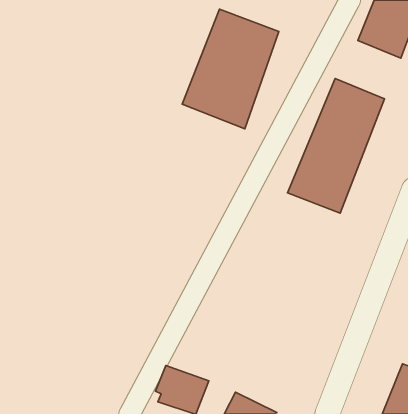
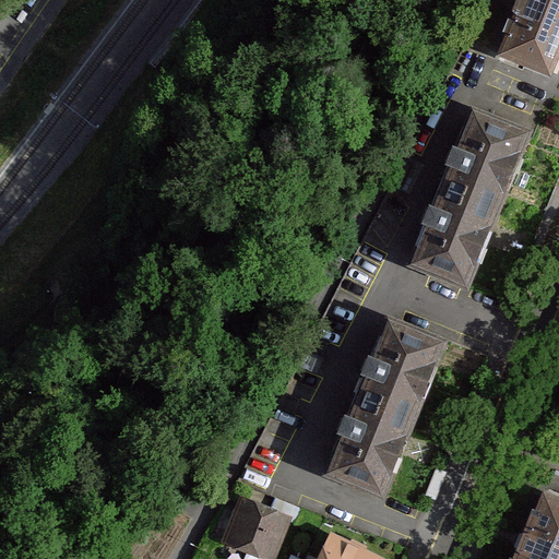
building: [182,9,279,129] -> none
building: none -> [325,318,457,498]

